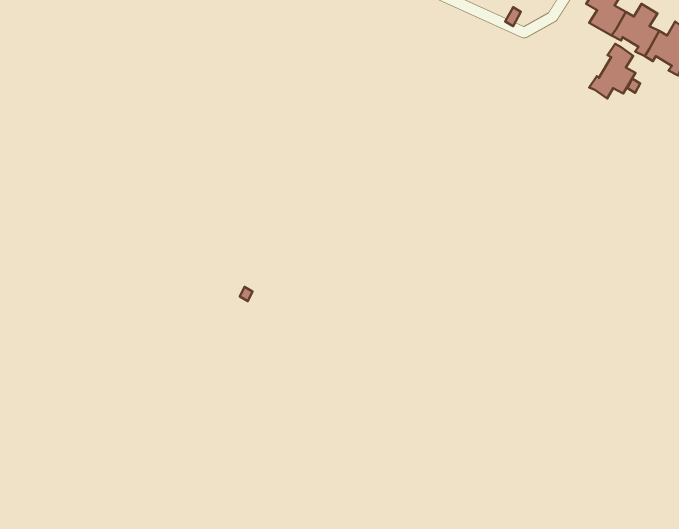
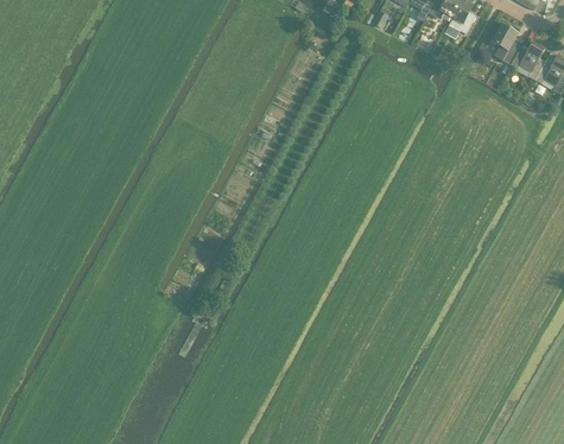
building: [589,44,636,98] -> none

